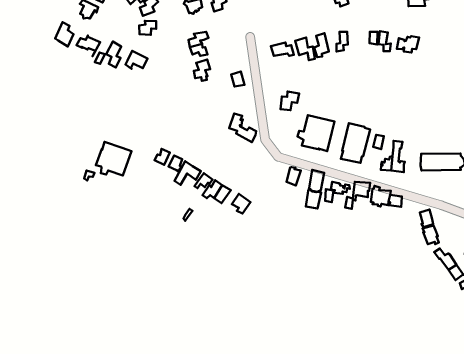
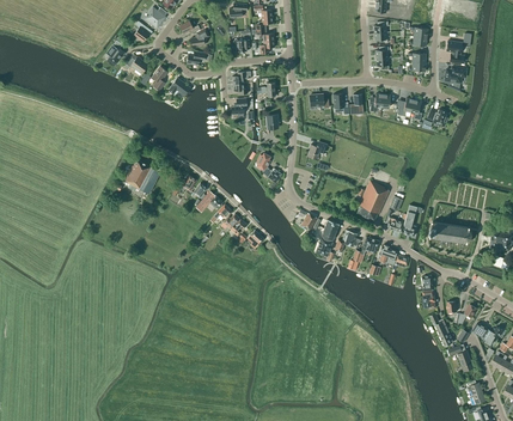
building: [298,115,334,151] -> none

